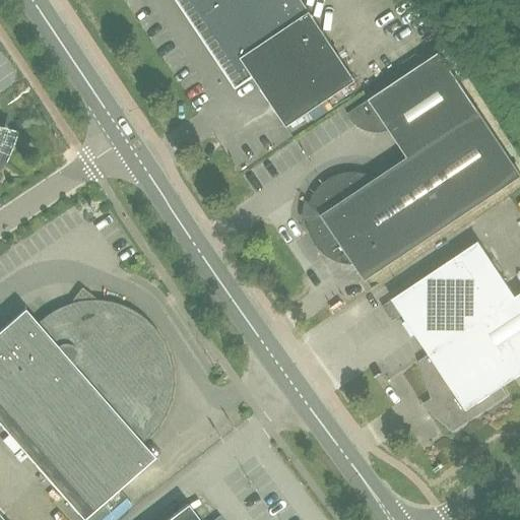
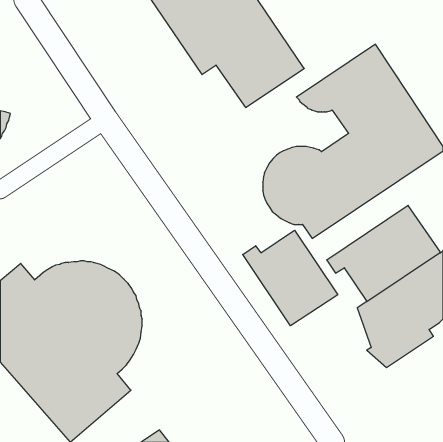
building: none -> [243,230,338,326]

